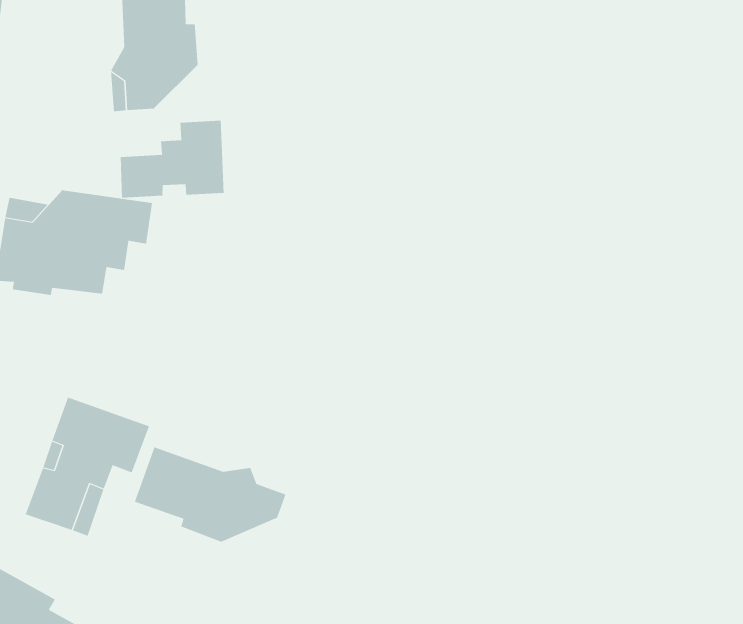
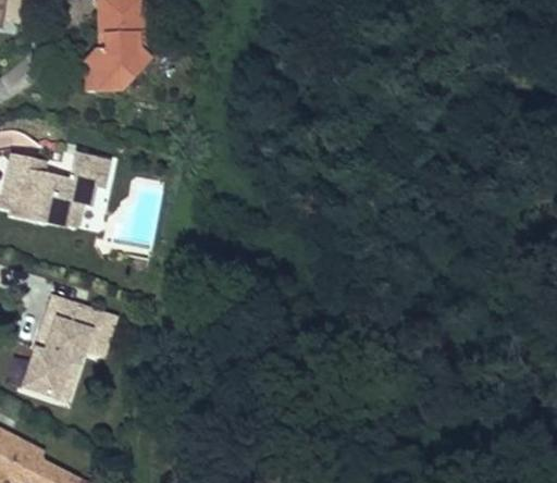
building: [120,120,224,198] -> none
building: [134,447,286,543] -> none

